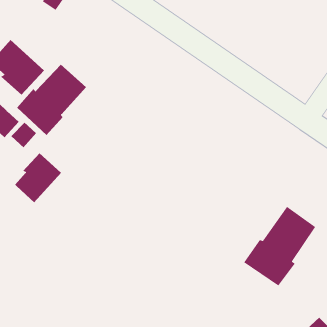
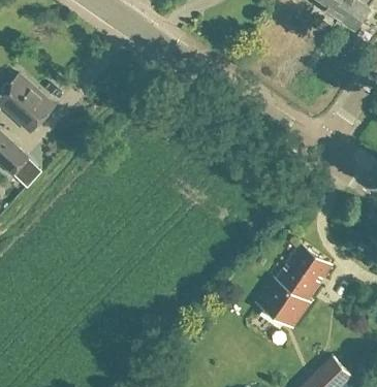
building: [16,64,87,136] -> none
building: [7,153,62,203] -> none

